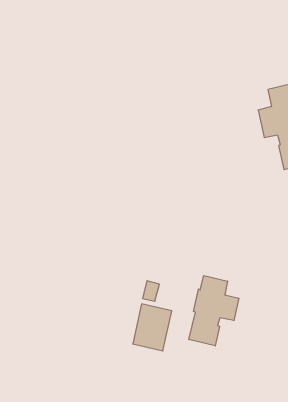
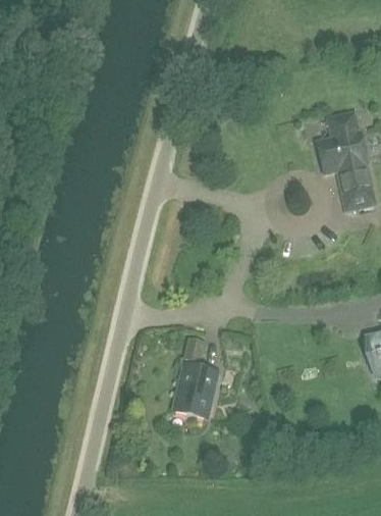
building: [189,276,239,346] -> none

